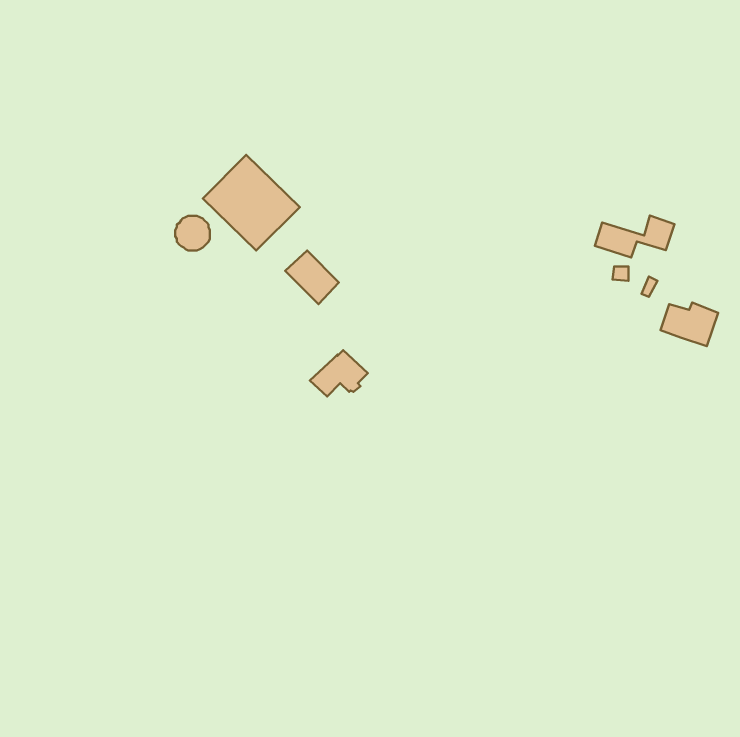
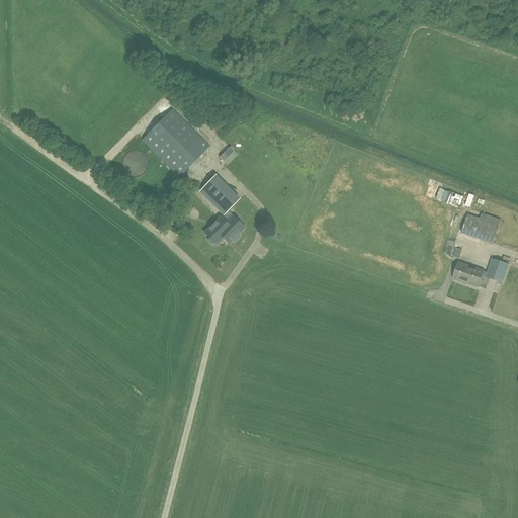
building: [595,215,675,257] -> [453,256,509,285]
building: [310,350,368,396] -> [204,209,245,242]

